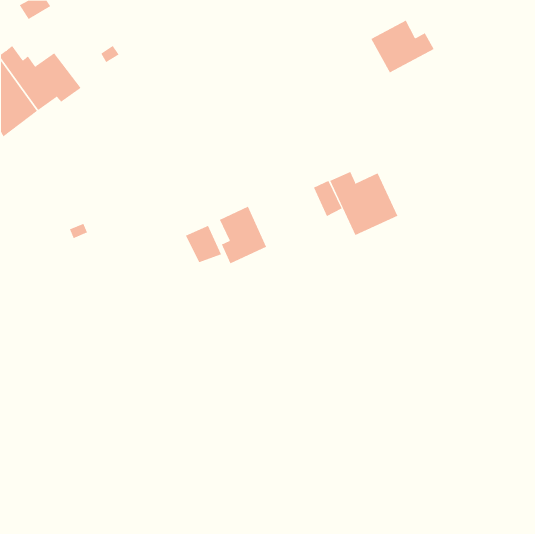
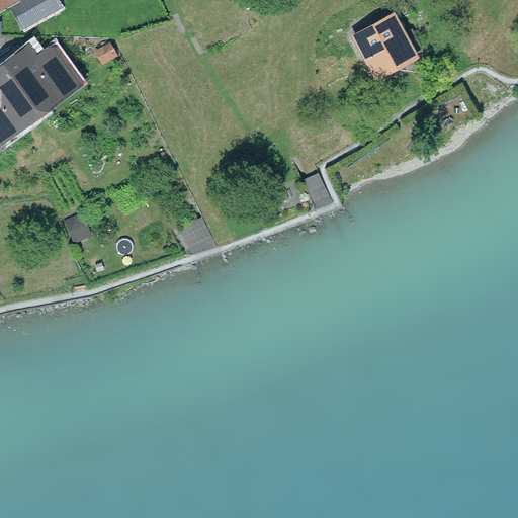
building: [329,171,398,236] -> none
building: [219,206,267,264] -> none

